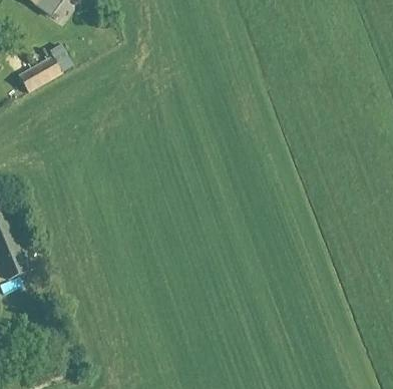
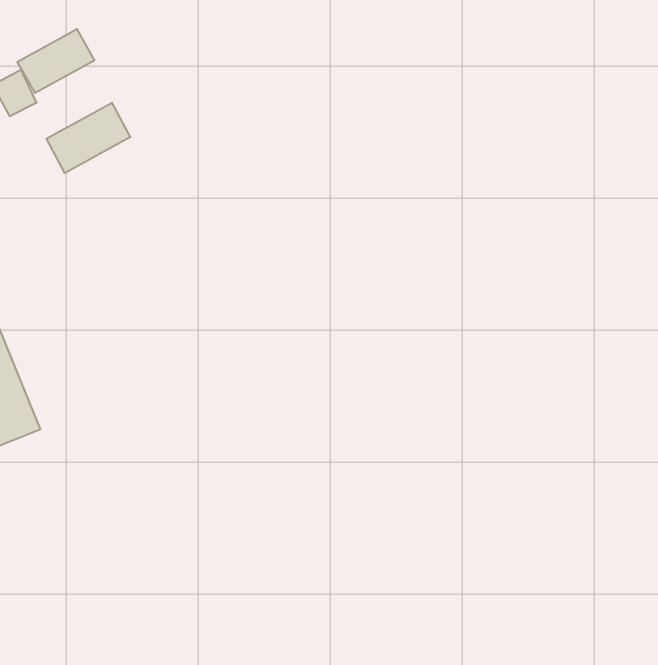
building: none -> [46,103,130,173]

